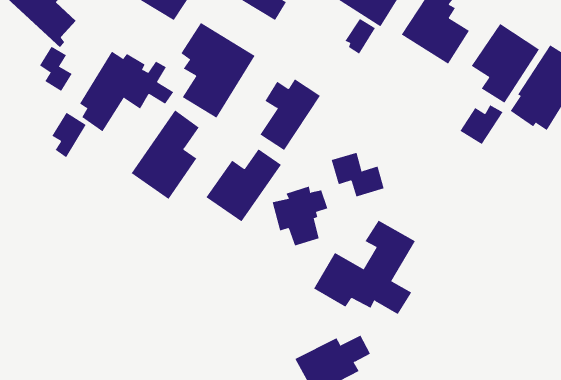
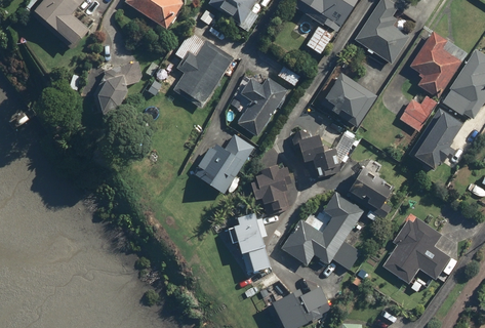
building: [39,46,72,92] -> none
building: none -> [321,72,378,127]
building: [131,110,200,200] -> none
building: [52,112,86,158] -> none
building: none -> [409,108,463,169]
building: none -> [347,167,394,221]
building: none -> [232,213,269,270]
building: none -> [383,216,456,283]

